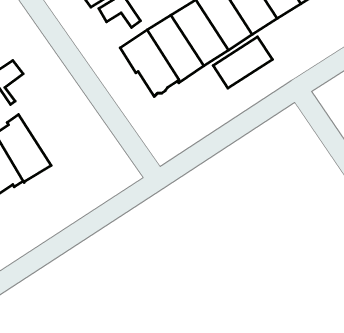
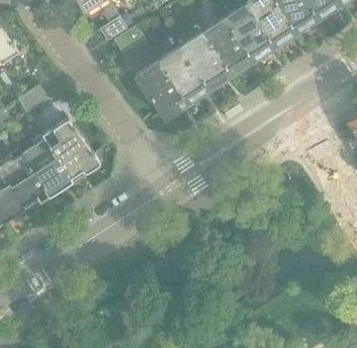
building: [213,37,272,88] -> none
building: none -> [44,118,100,181]

